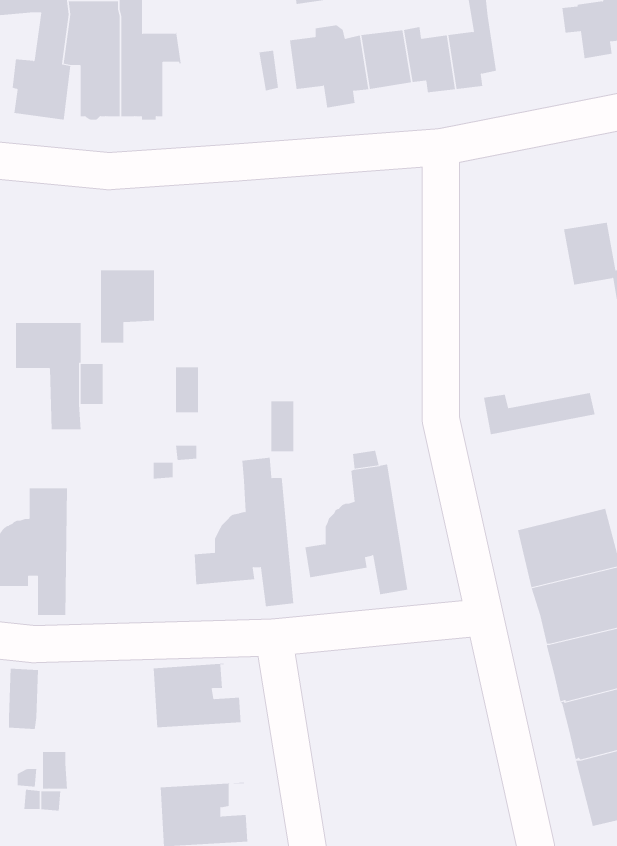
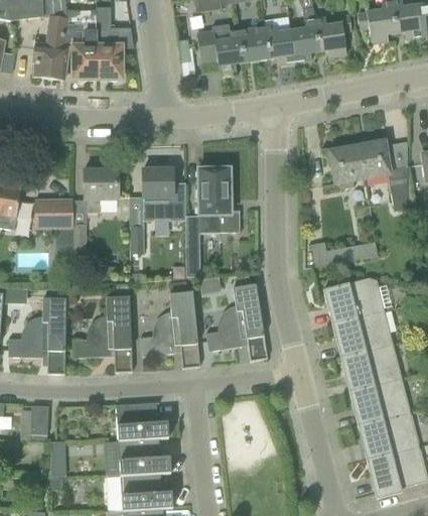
building: none -> [314,13,351,56]
building: none -> [328,144,365,188]
building: none -> [197,167,239,232]
building: none -> [142,168,185,220]
building: none -> [322,276,384,322]
building: none -> [74,295,132,372]
building: none -> [118,436,170,475]

